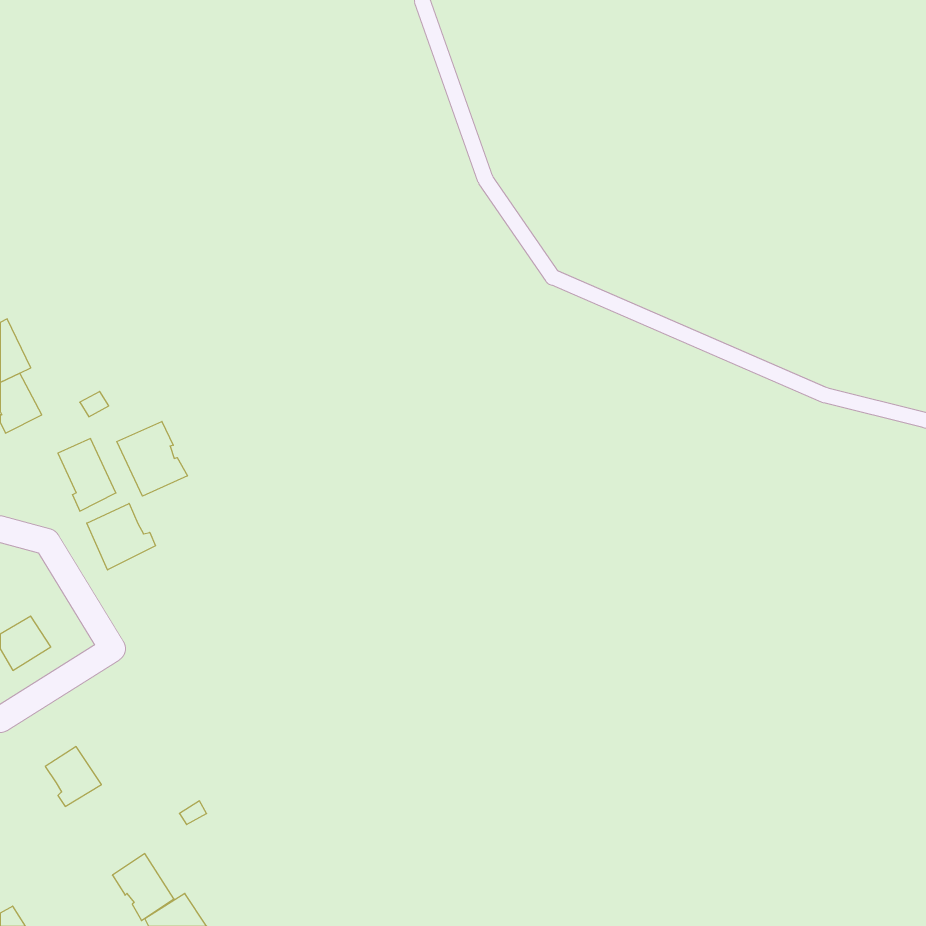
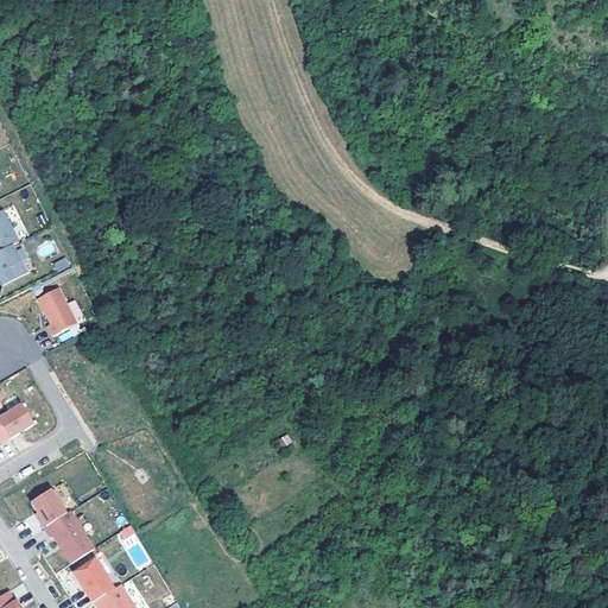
building: [117,421,187,496] -> none
building: [87,503,156,570] -> none
building: none -> [44,512,94,564]

